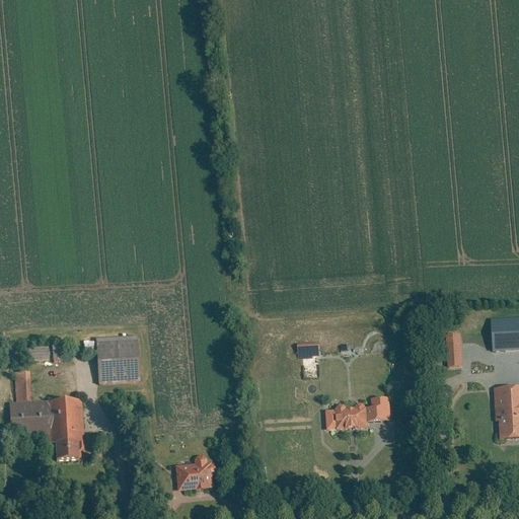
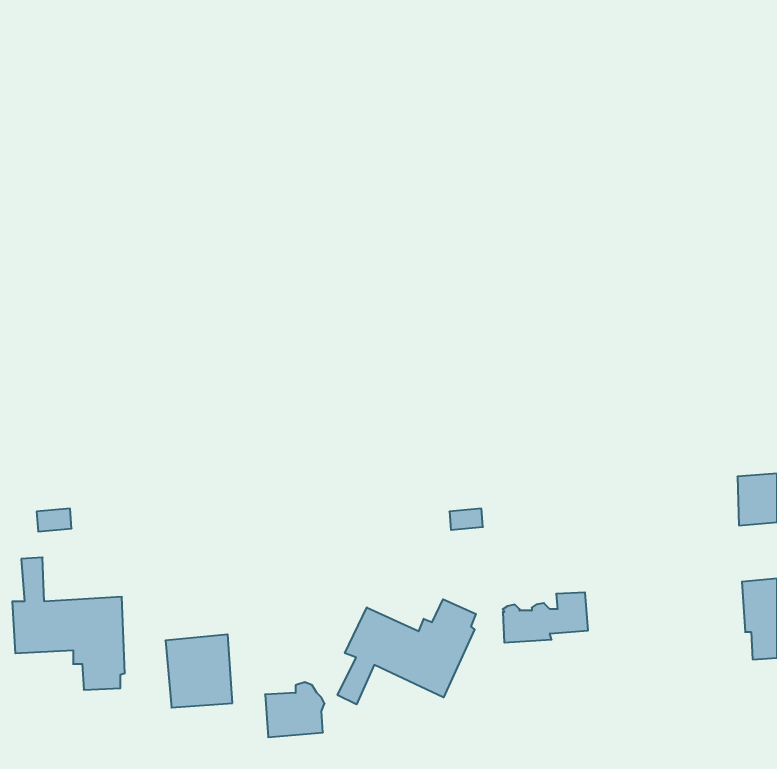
building: [445,332,462,366] -> none
building: [94,333,139,382] -> [165,634,232,708]
building: none -> [338,599,476,704]

